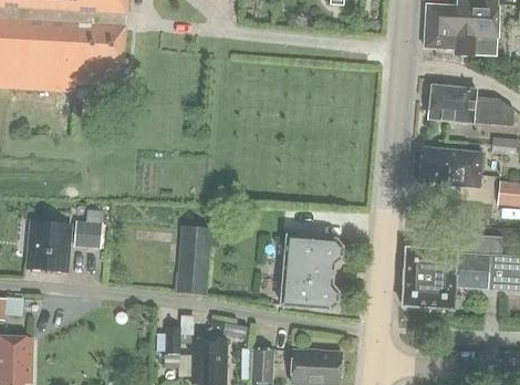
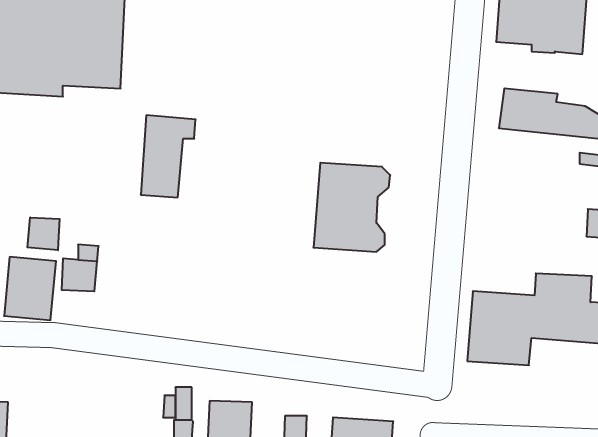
building: [420,149,479,185] -> none
building: none -> [27,217,60,250]
building: [176,226,220,292] -> [141,115,196,197]
building: [280,236,342,308] -> [313,163,390,252]

